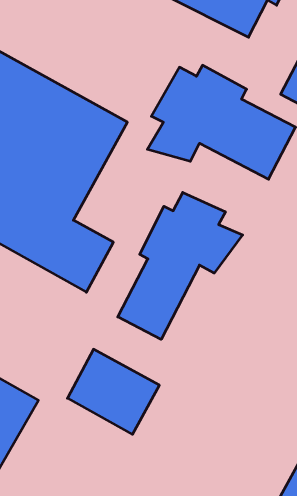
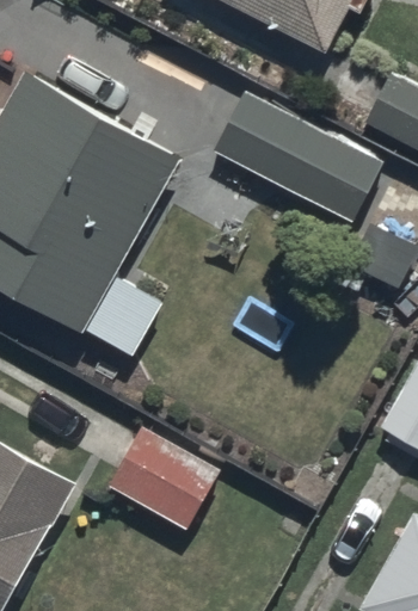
building: [118,192,243,339] -> none

